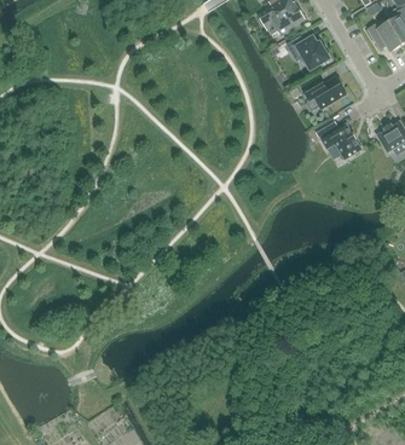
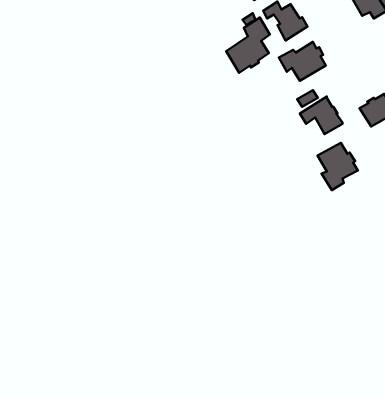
building: none -> [226,17,270,73]
building: none -> [318,143,358,190]

